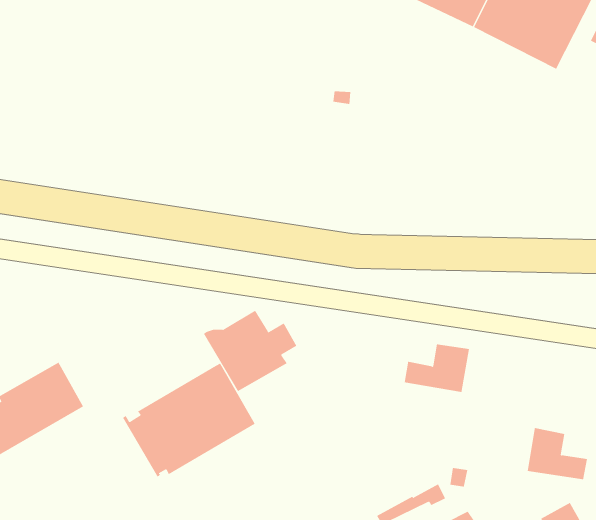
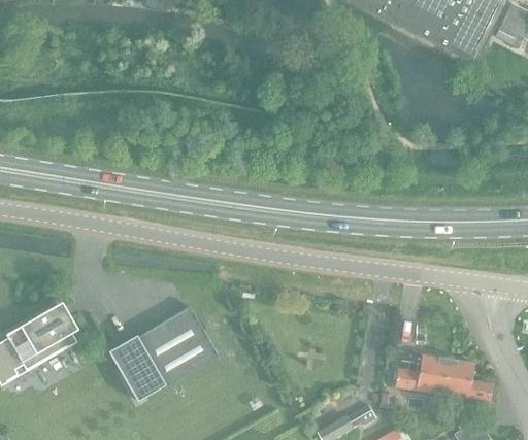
building: [203,310,297,392] -> none
building: [404,344,470,392] -> [395,354,450,395]

